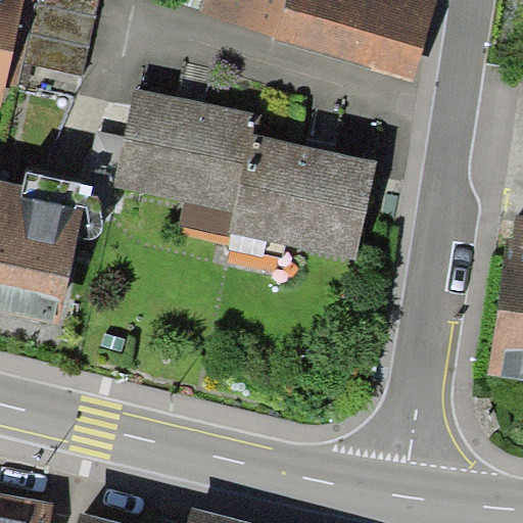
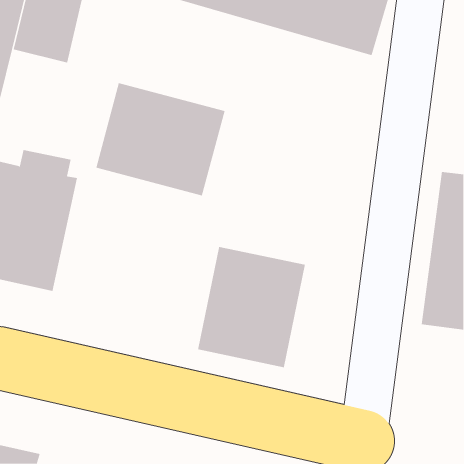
building: [235,133,385,268] -> none
building: none -> [197,246,306,368]

